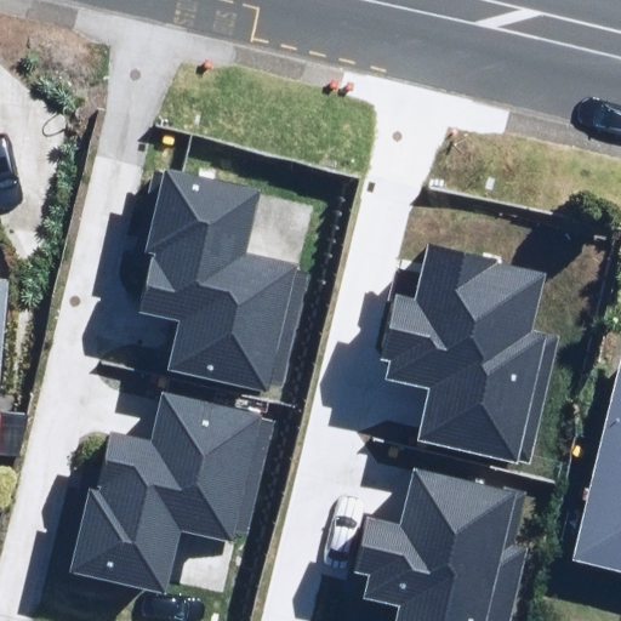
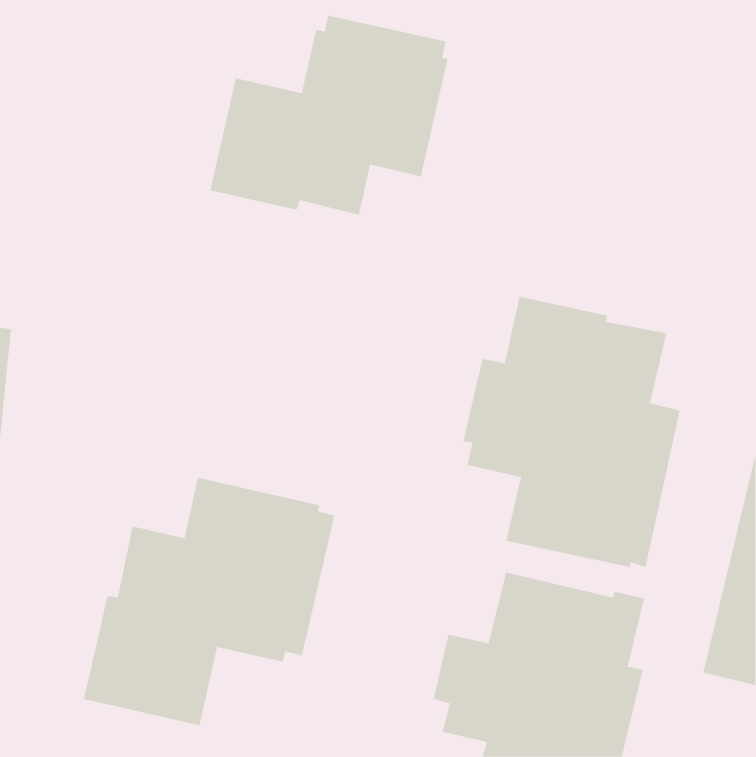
building: none -> [210,15,448,215]
building: [138,166,308,393] -> none

